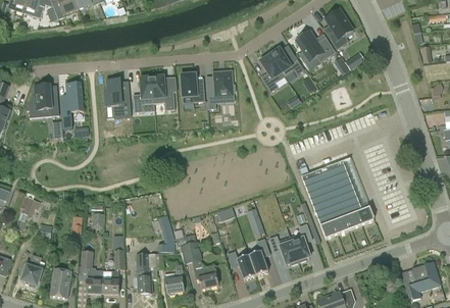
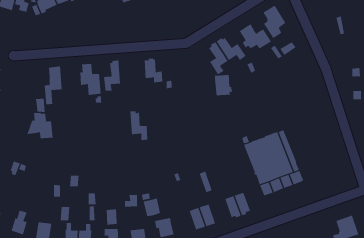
building: [213,69,236,95] -> [214,75,233,96]
building: [152,73,174,109] -> [130,111,148,141]
building: [27,84,59,115] -> [26,112,53,139]

